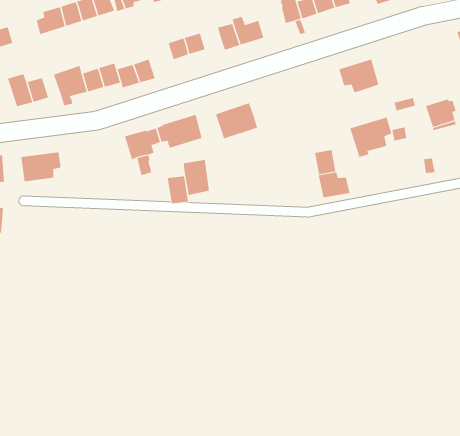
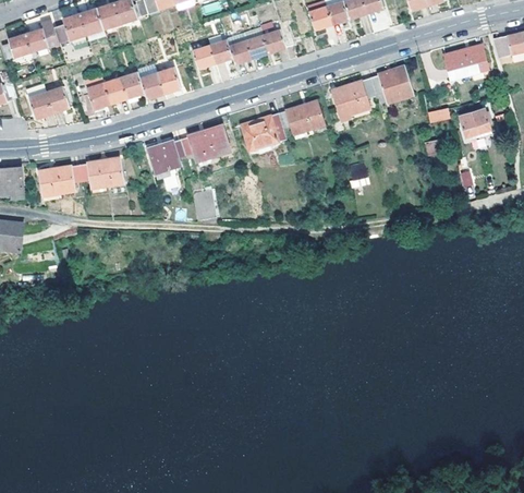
building: none -> [26,20,59,51]
building: none -> [227,35,252,63]
building: none -> [444,46,488,80]
building: none -> [278,101,325,134]
building: [349,117,392,158] -> [331,79,376,121]
building: none -> [80,159,122,189]
building: [183,159,210,196] -> none
building: [318,172,350,198] -> none

